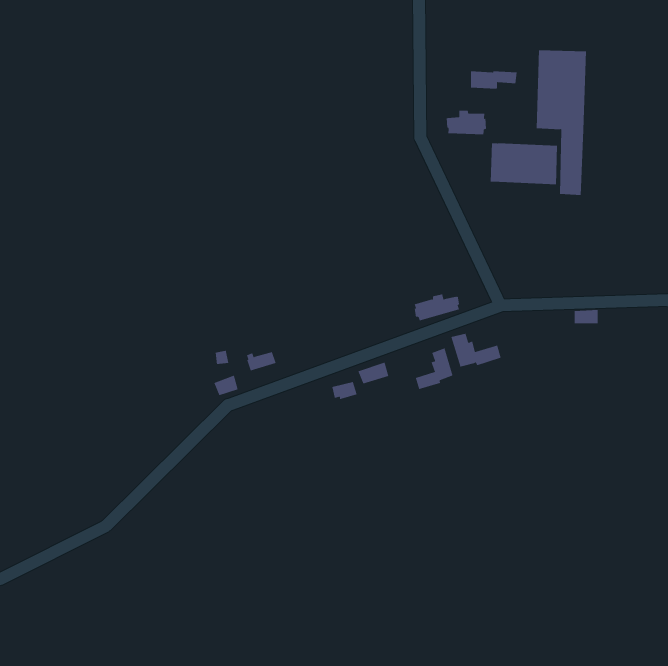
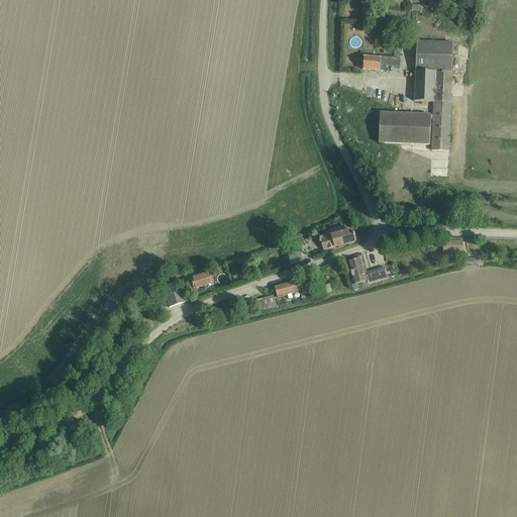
building: [446,110,486,135] -> none
building: [415,348,453,390] -> none

